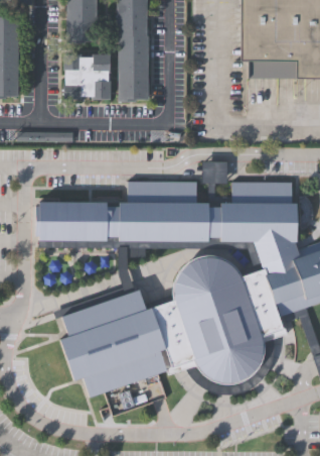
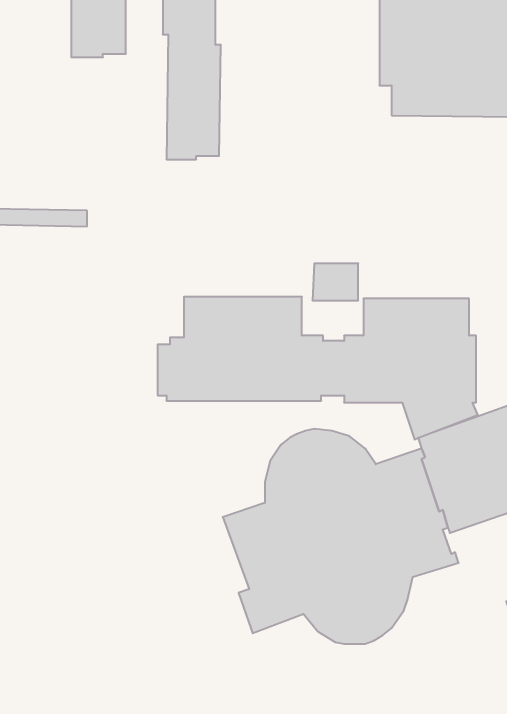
building: [62,54,112,100] -> none
building: [36,204,114,241] -> none
building: [60,290,167,397] -> none

